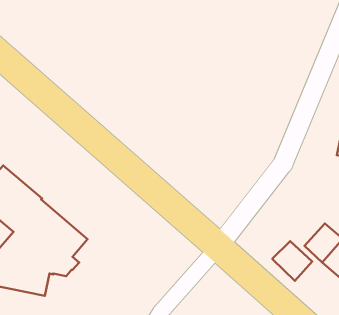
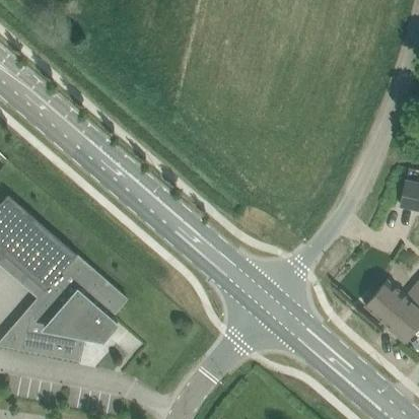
building: [273,241,312,281] -> none

